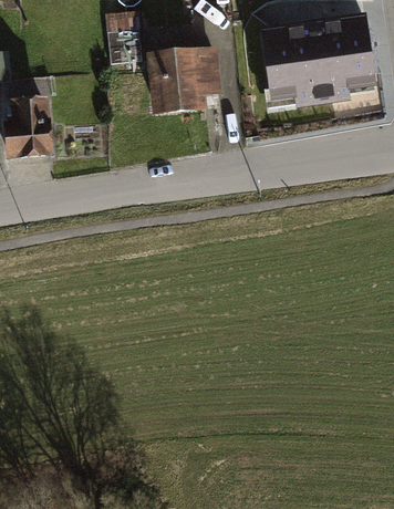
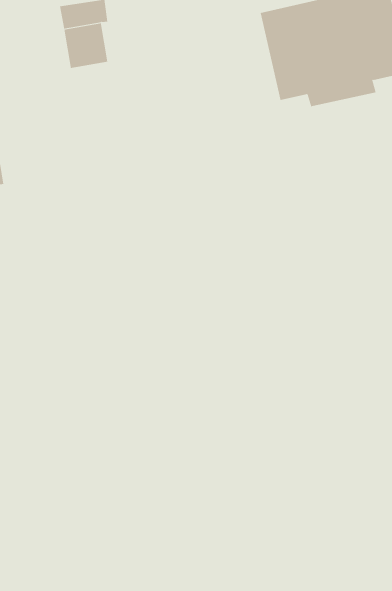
building: [144,45,218,112] -> none

